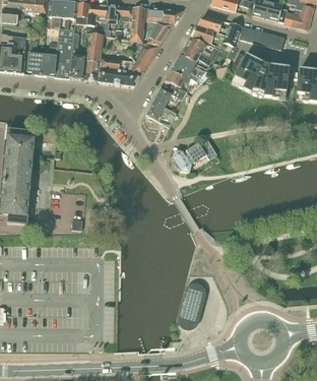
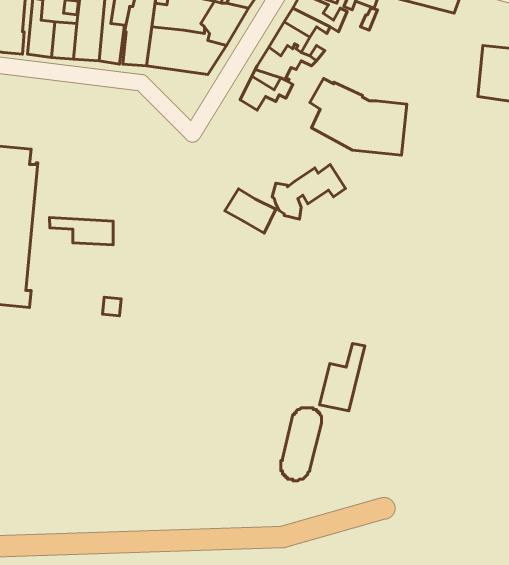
building: [231,52,289,98] -> [310,79,407,155]
building: [145,101,176,127] -> [225,189,276,233]
building: none -> [50,218,113,245]
building: none -> [320,344,365,411]

